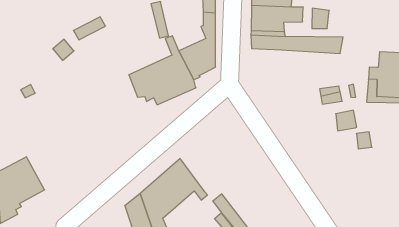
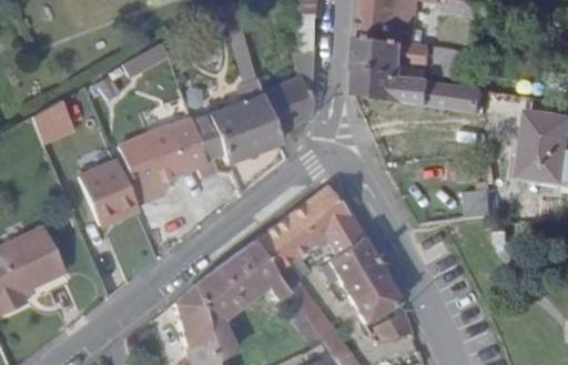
building: none -> [118,122,216,203]
building: none -> [75,162,136,227]
building: none -> [253,185,405,328]

